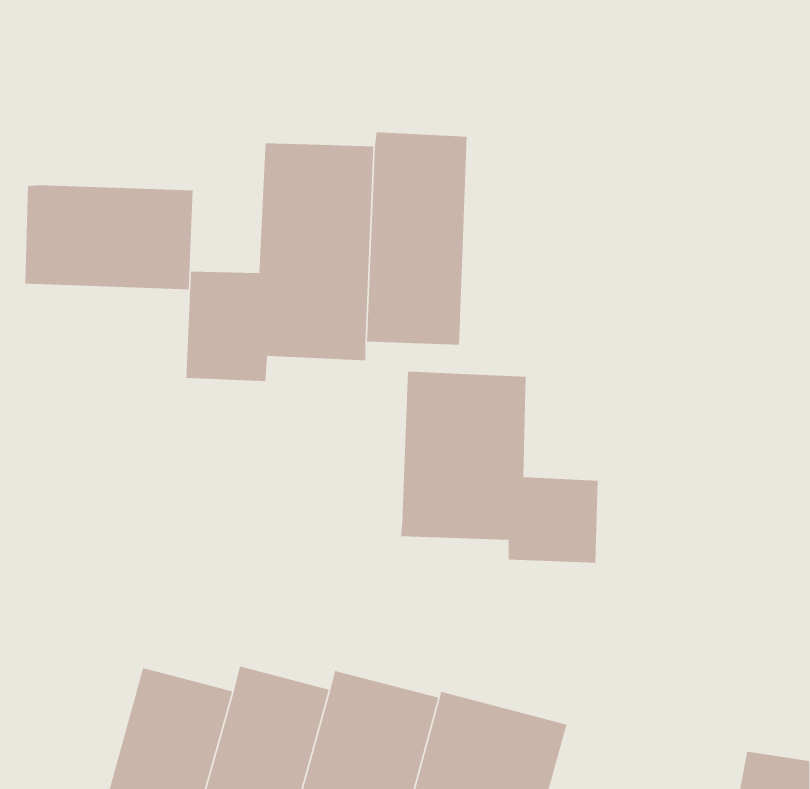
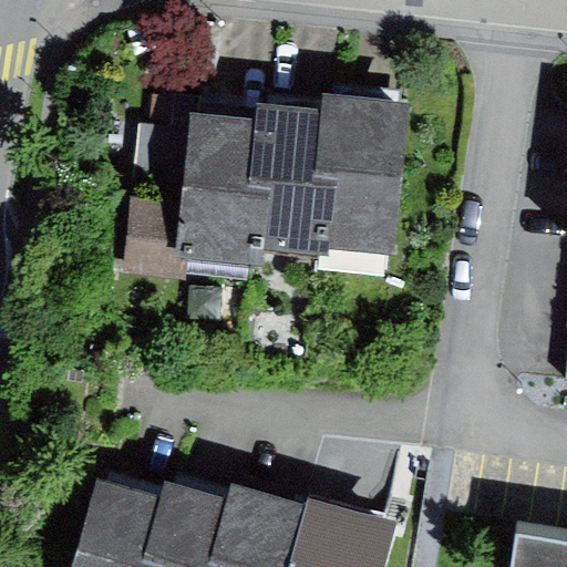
building: none -> [321,93,402,259]
building: [25,185,193,290] -> none
building: [400,371,599,564] -> none

